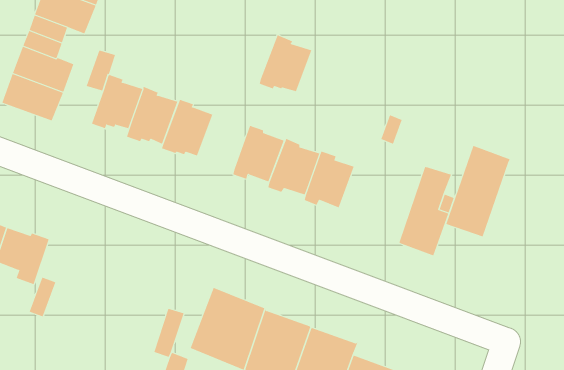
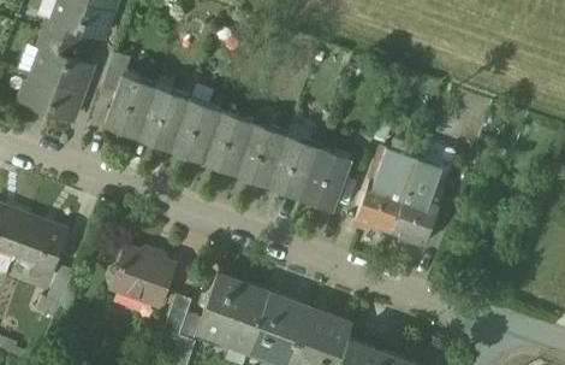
building: [259,35,312,92] -> [203,112,252,165]
building: [446,145,510,237] -> [356,147,416,232]
building: none -> [108,246,176,305]

